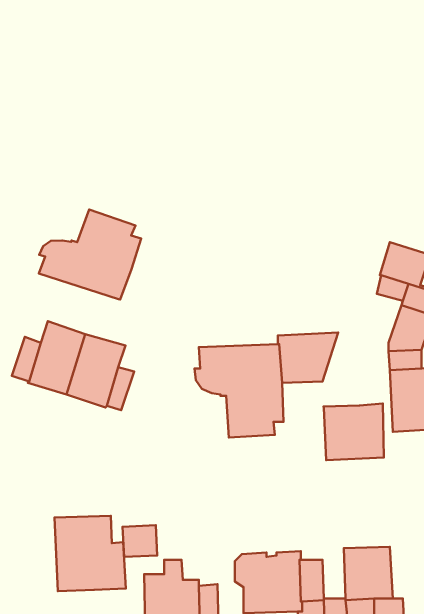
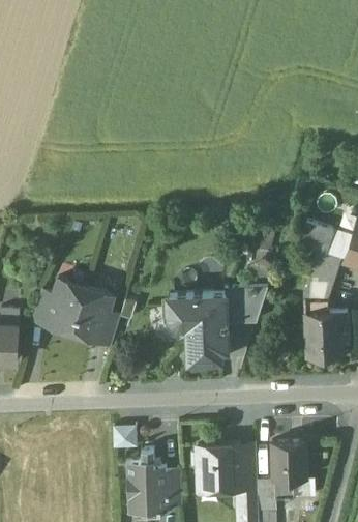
building: [39,210,141,300] -> none
building: [324,404,384,460] -> none
building: [55,516,126,591] -> none

